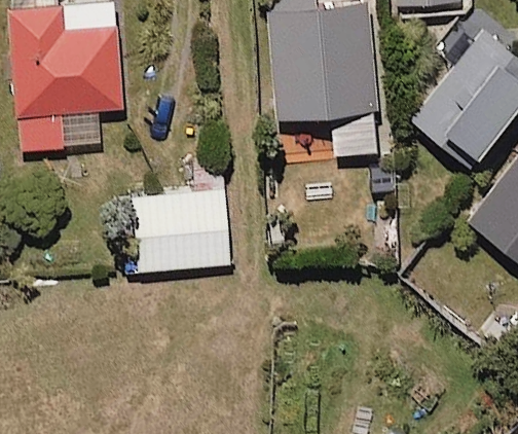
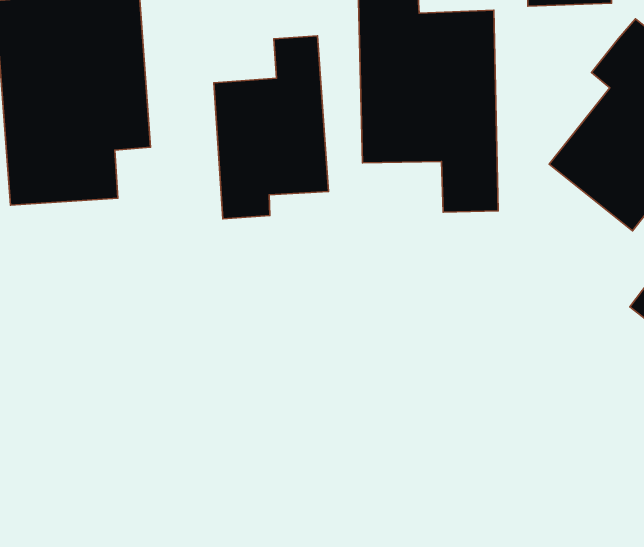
building: none -> [214,36,329,219]
building: [133,190,229,272] -> none

